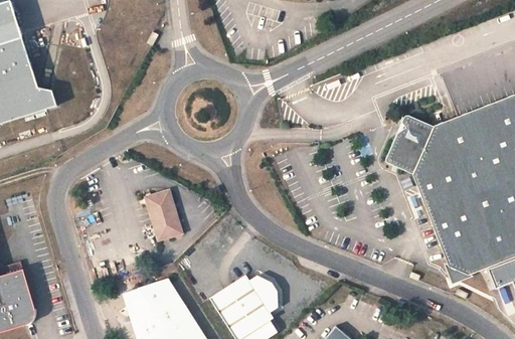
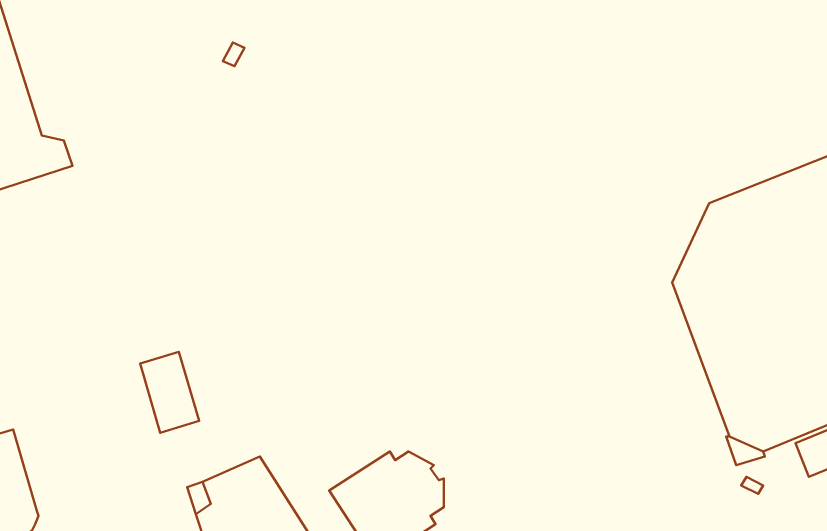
building: [386,115,436,174] -> none
building: [146,191,181,239] -> [140,352,199,433]

